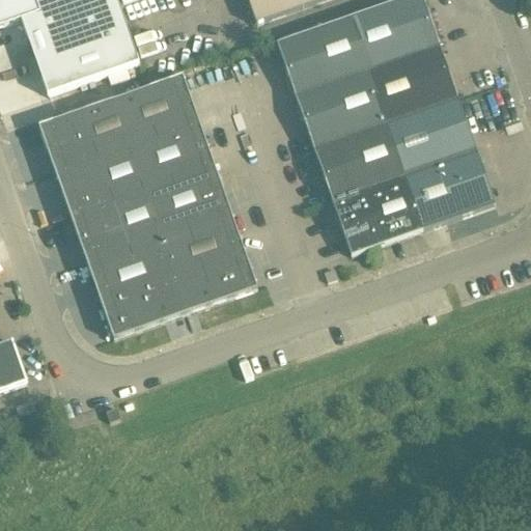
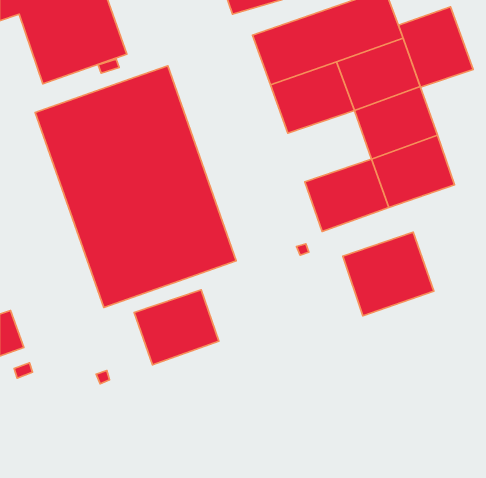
building: none -> [399,7,473,87]
building: [313,120,404,198] -> none
building: none -> [343,232,434,316]
building: none -> [134,290,219,365]

